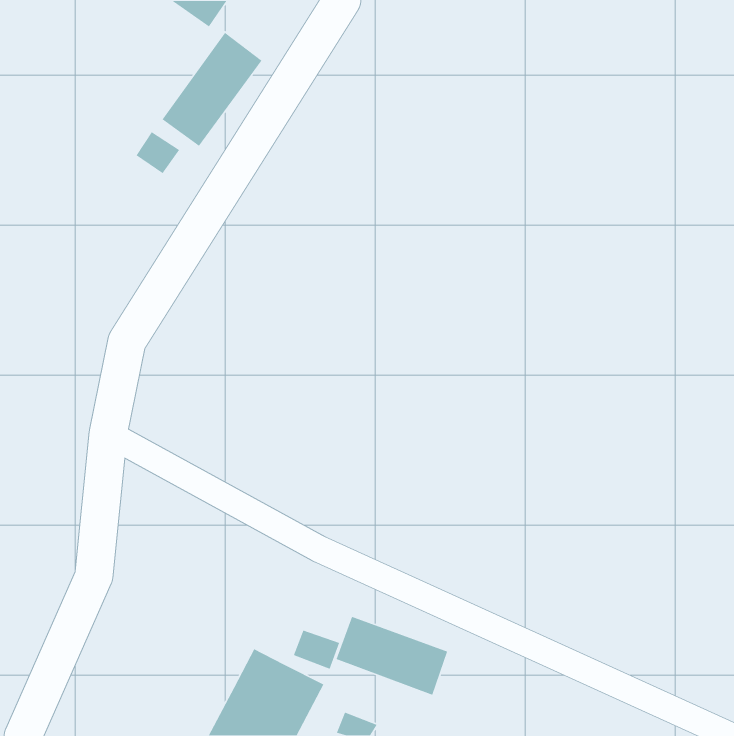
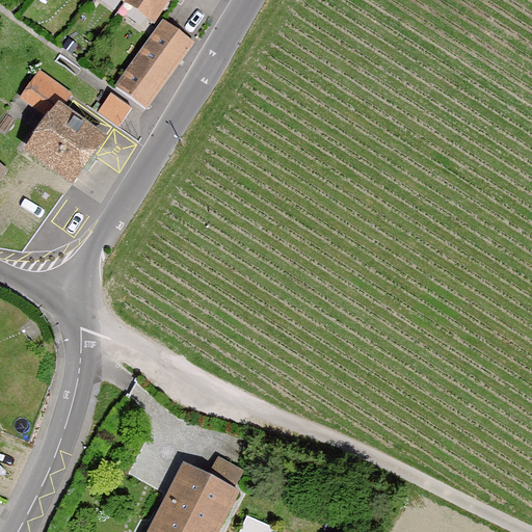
building: none -> [20,73,100,178]
building: [335,616,448,696] -> none

